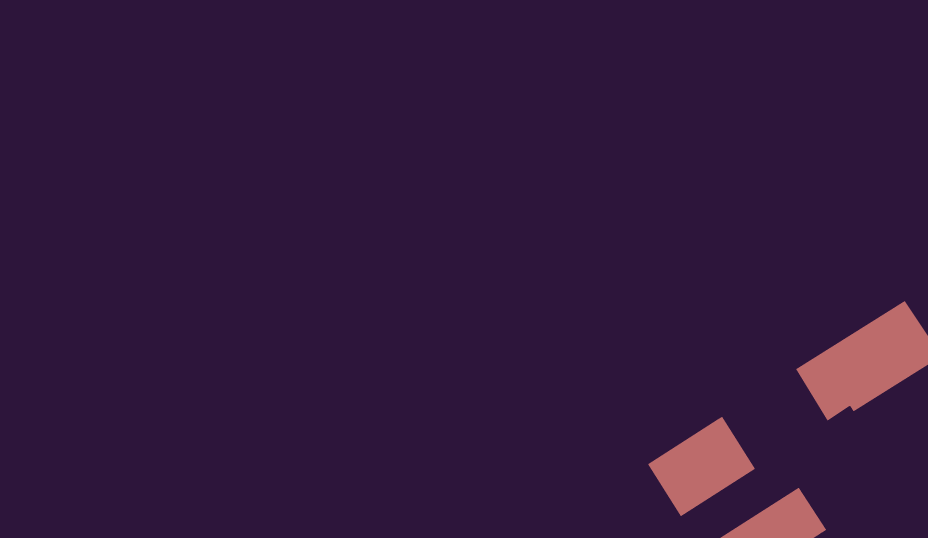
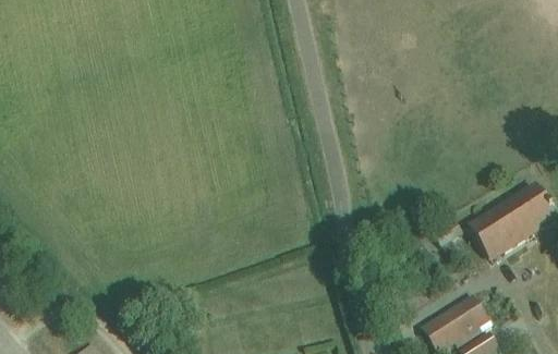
building: [647,416,756,517] -> none

